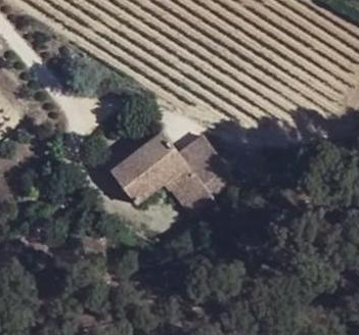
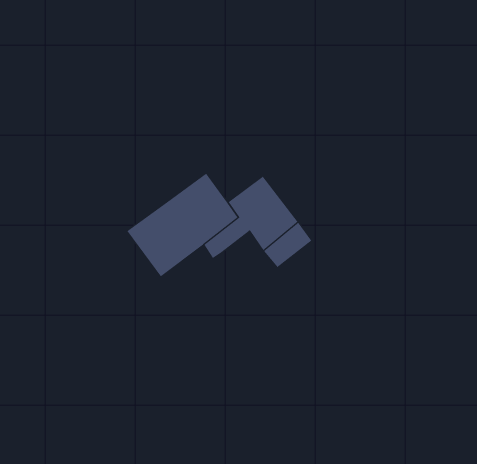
building: [175,172,214,214] -> none

